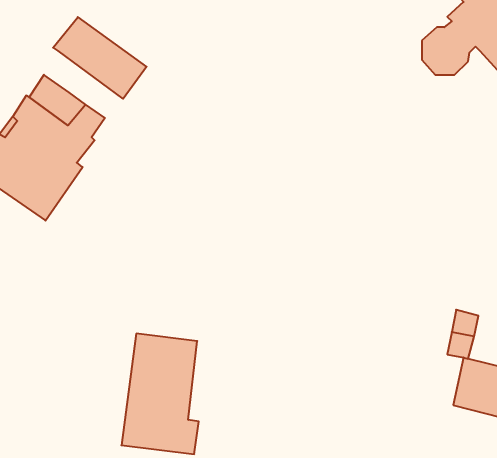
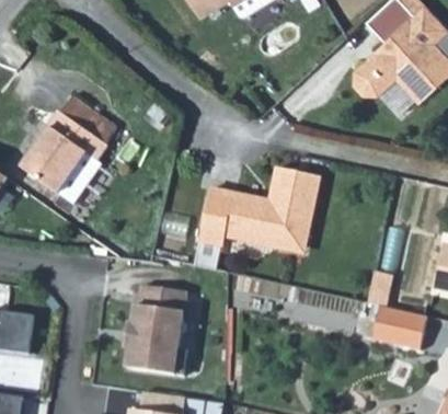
building: [53,17,147,99] -> none
building: none -> [200,166,320,248]

